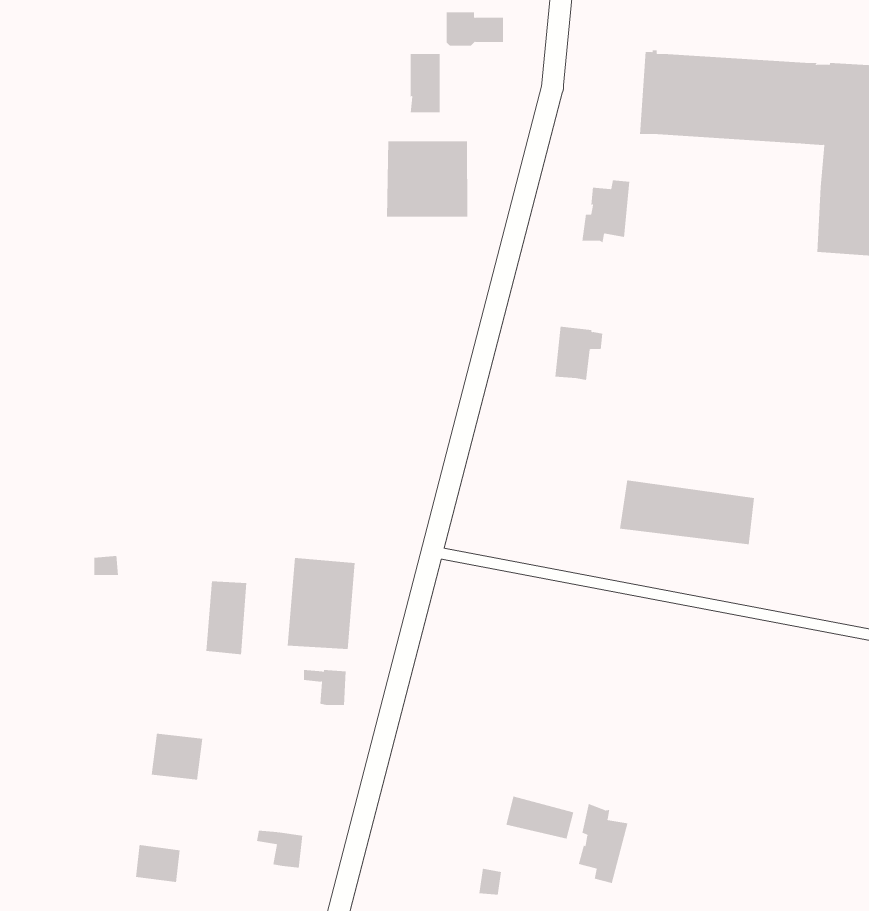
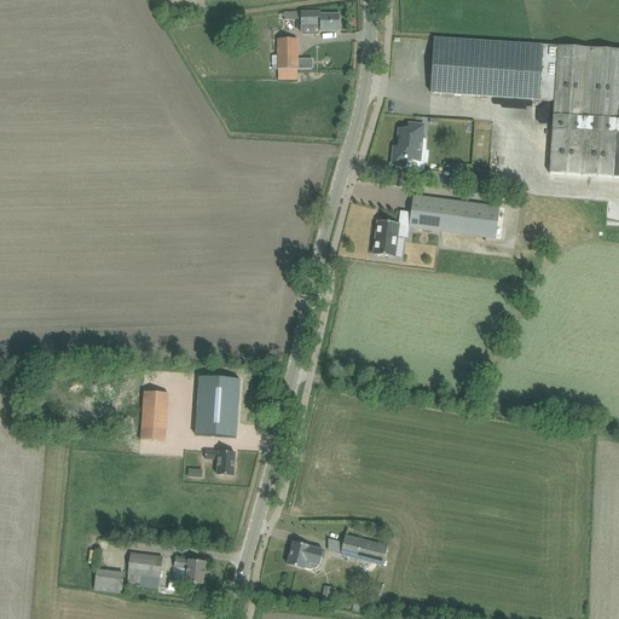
building: [386,140,468,217] -> none
building: [619,480,755,545] -> [409,193,499,237]
building: [151,733,203,780] -> [127,551,162,583]
building: [578,803,628,884] -> none
building: none -> [288,540,323,568]

